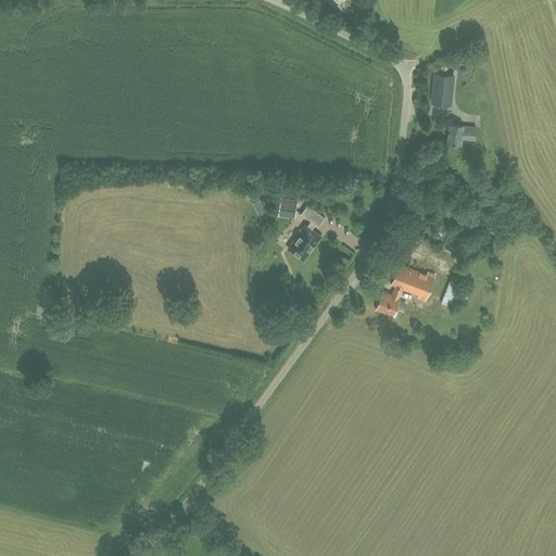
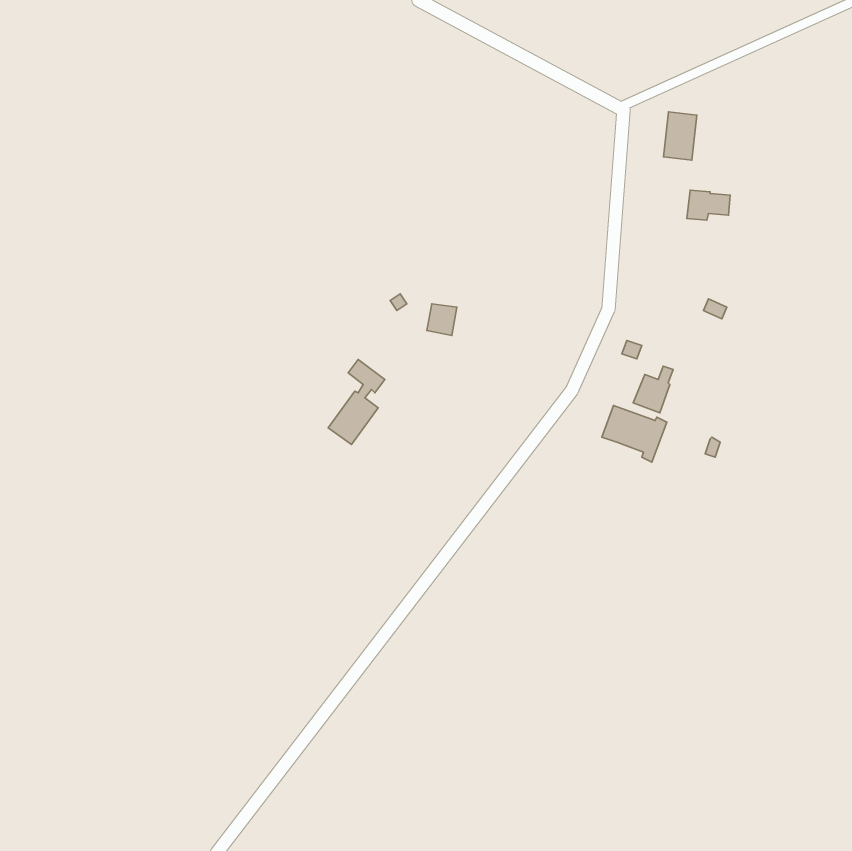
building: [288,205,325,261] -> [328,359,385,445]
building: [376,287,402,317] -> [633,366,673,413]

